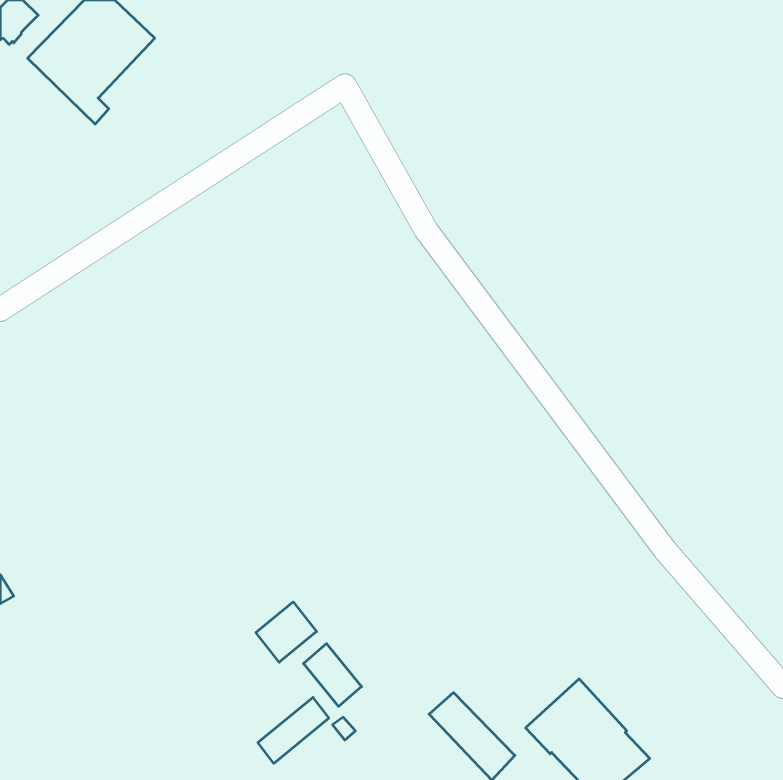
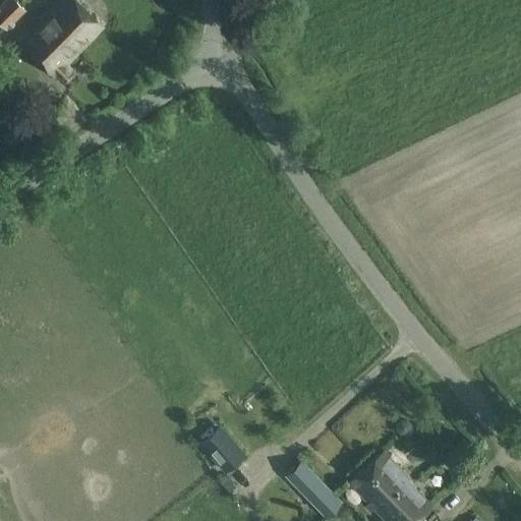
building: [256,602,317,662] -> none
building: [258,697,329,763] -> none

